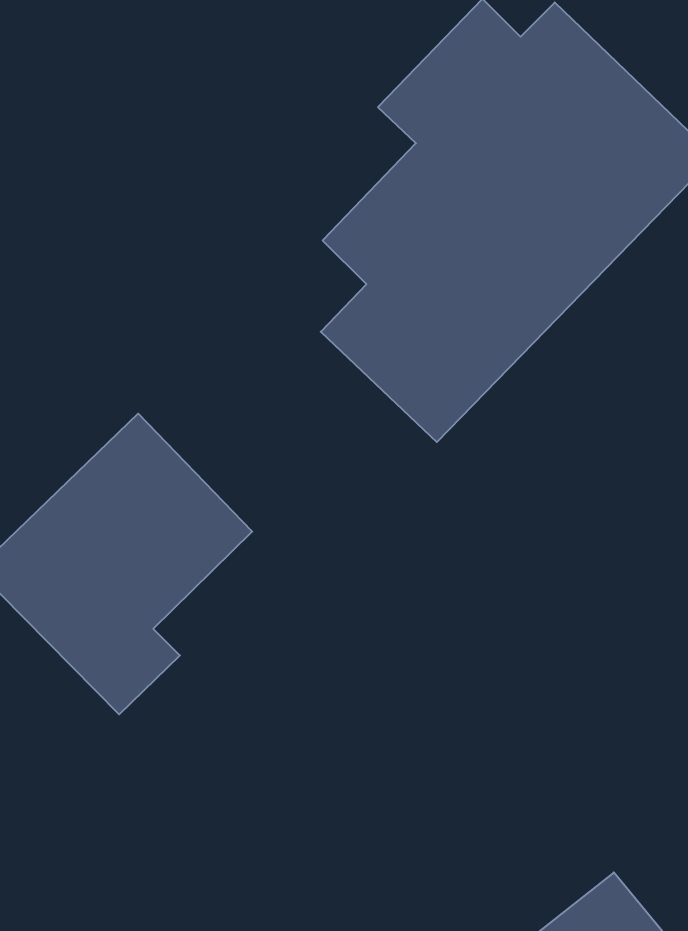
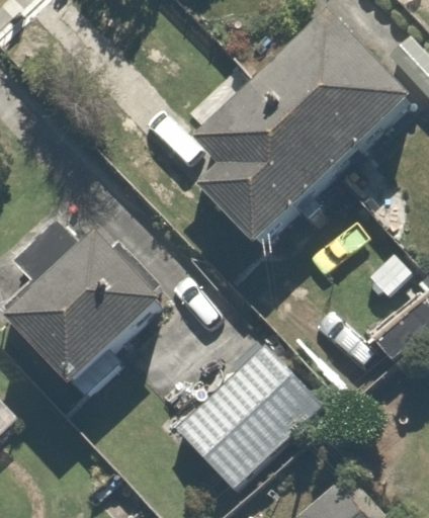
building: none -> [171,334,322,494]

